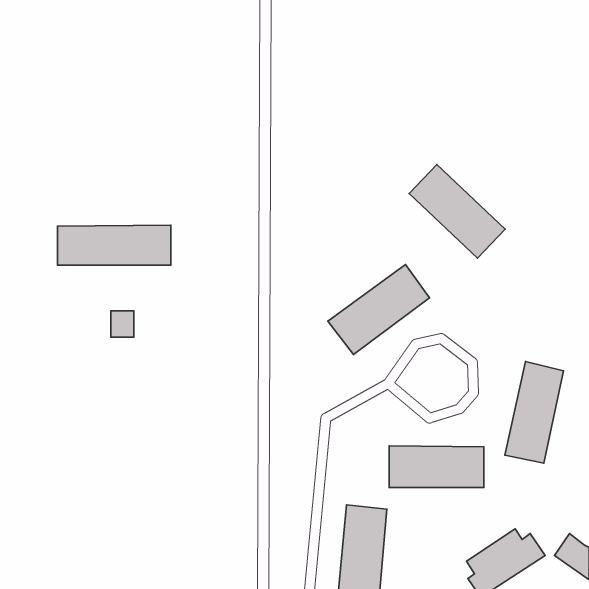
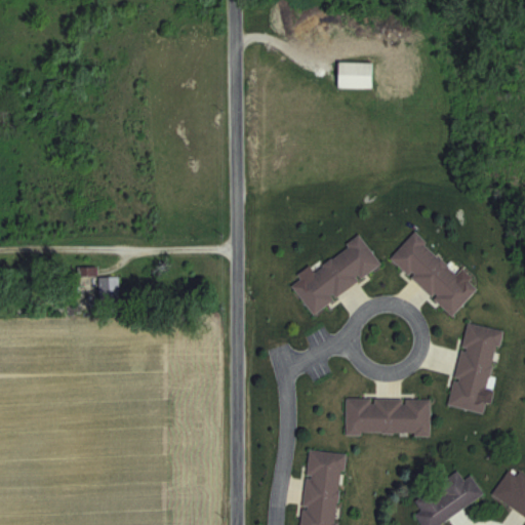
building: none -> [338,63,372,89]
building: [409,165,505,258] -> [391,233,476,316]
building: [58,225,171,265] -> none

